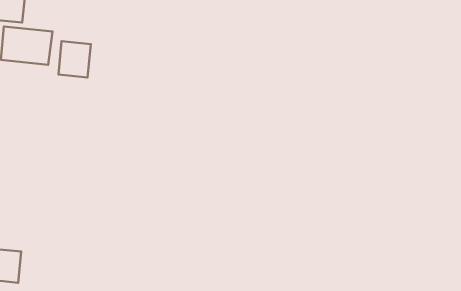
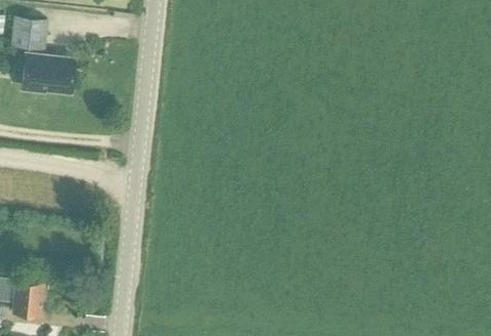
building: [58,41,91,77] -> none

